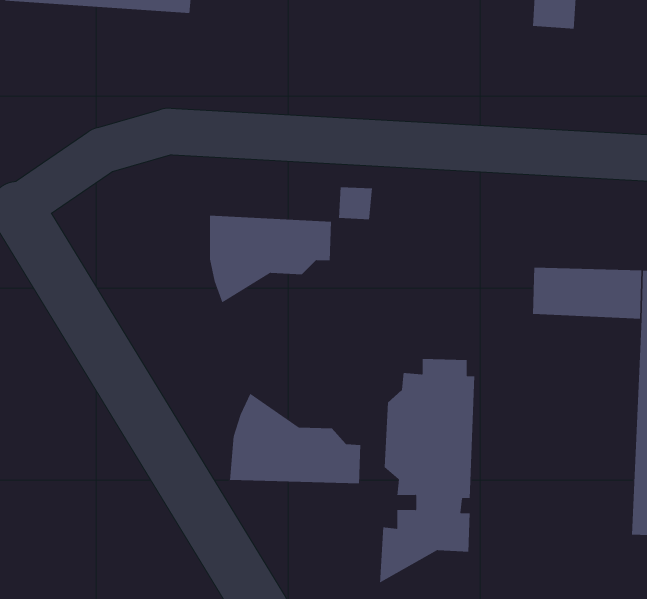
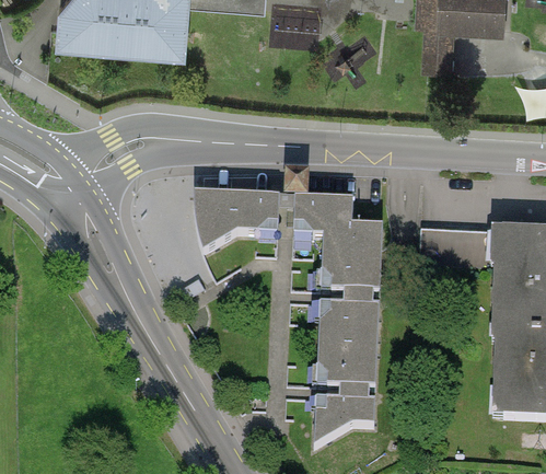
building: none -> [294,200,384,298]
building: [230,393,361,484] -> none

